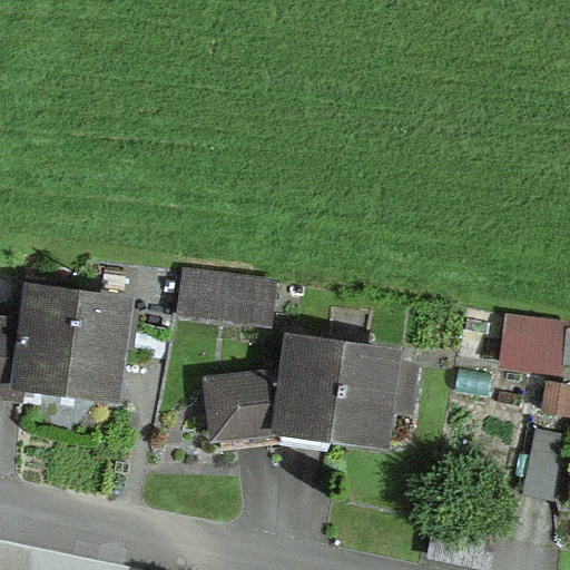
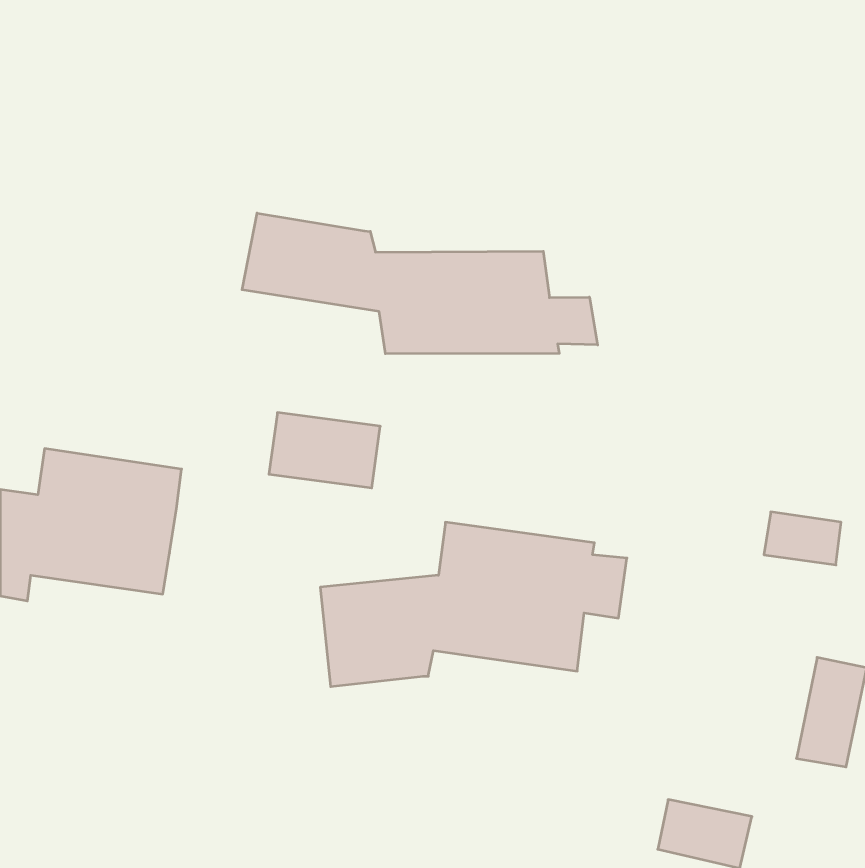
building: none -> [242,213,598,354]

